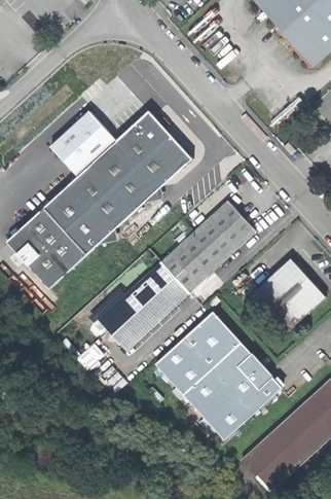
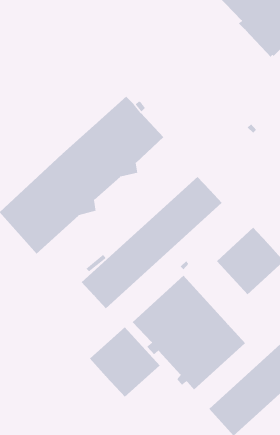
building: [51,110,117,176] -> none
building: none -> [89,326,160,398]

